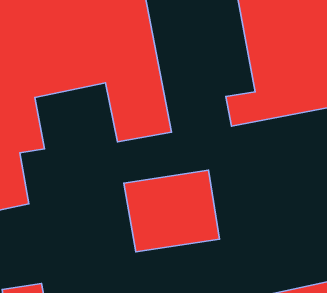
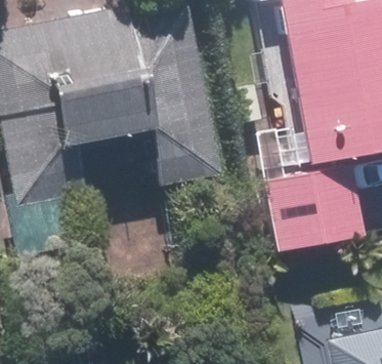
building: [124,170,219,252] -> [264,167,364,252]

